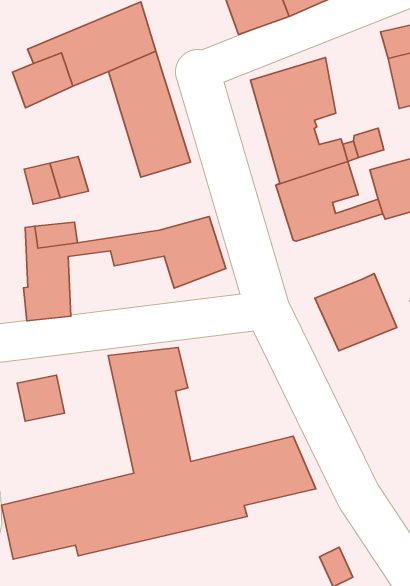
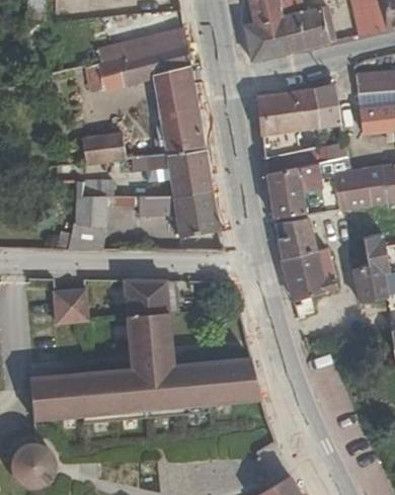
building: none -> [312,82,340,128]
building: none -> [144,149,212,195]
building: none -> [273,218,317,260]

